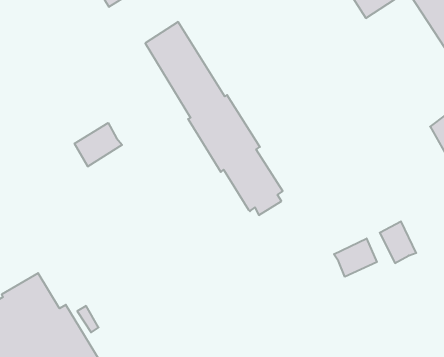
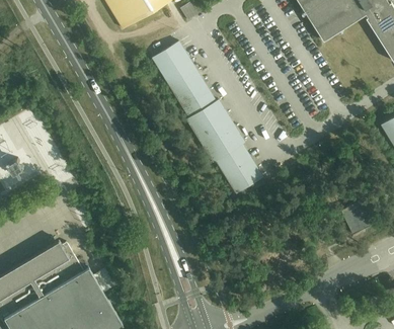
building: [75,123,122,167] -> none
building: [334,238,377,277] -> none

